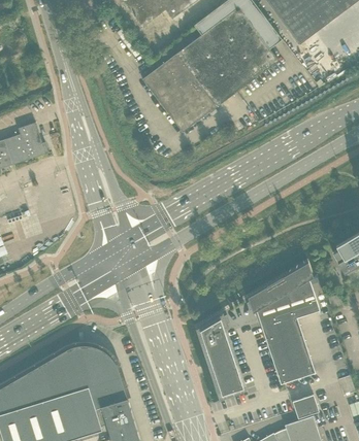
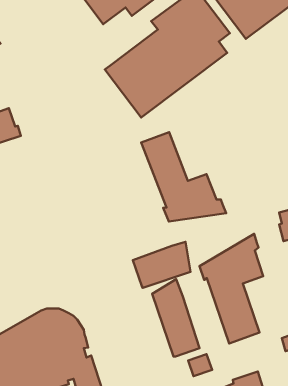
building: none -> [141,132,226,221]
building: none -> [133,242,190,288]
building: [291,394,318,418] -> [188,354,212,376]

